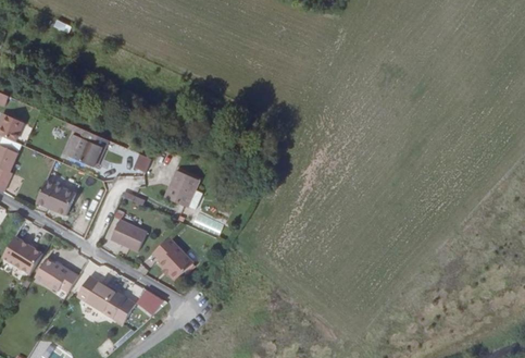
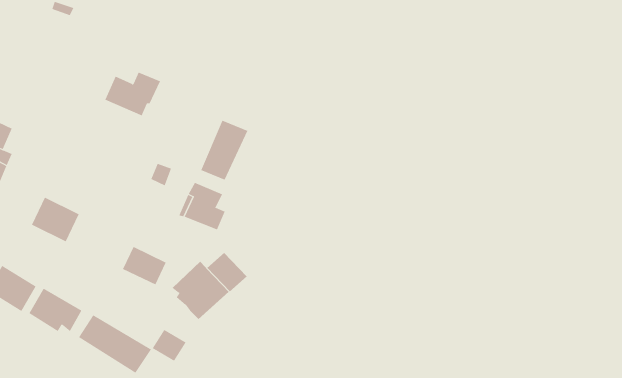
building: none -> [201,120,248,181]
building: [64,134,110,170] -> [105,72,161,116]
building: none -> [207,252,247,292]

